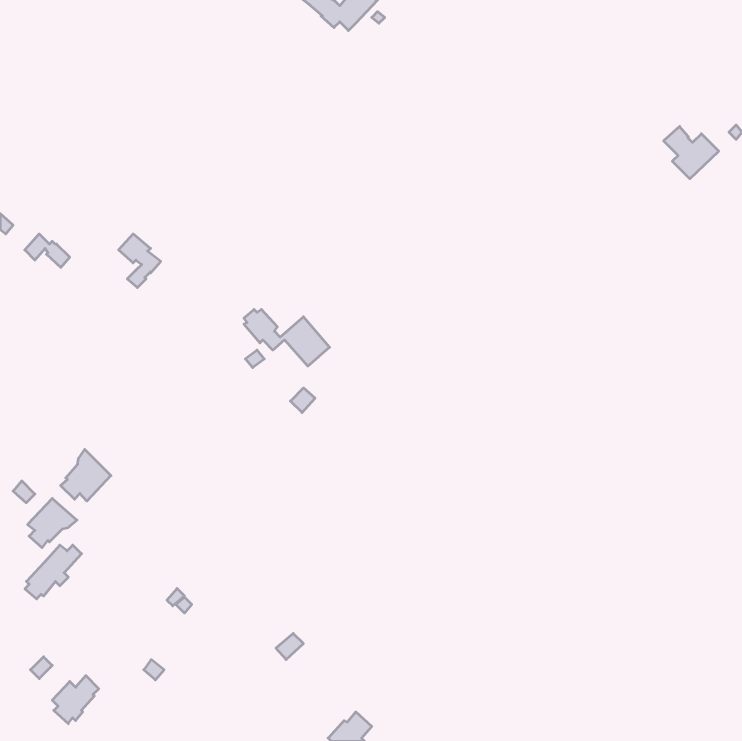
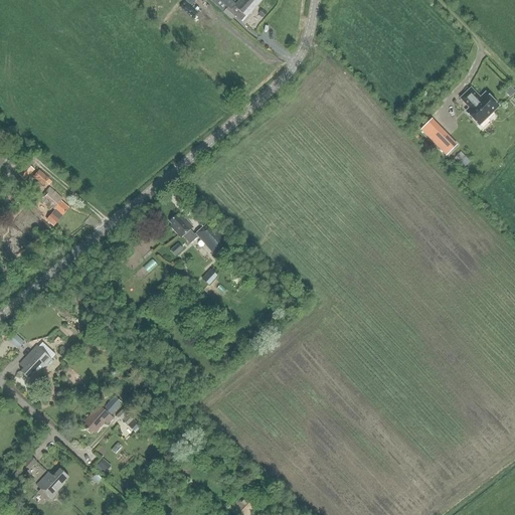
building: none -> [420,118,457,155]
building: [119,234,161,288] -> [39,188,68,225]
building: [61,449,111,501] -> none
building: [25,545,82,599] -> [82,395,122,433]

